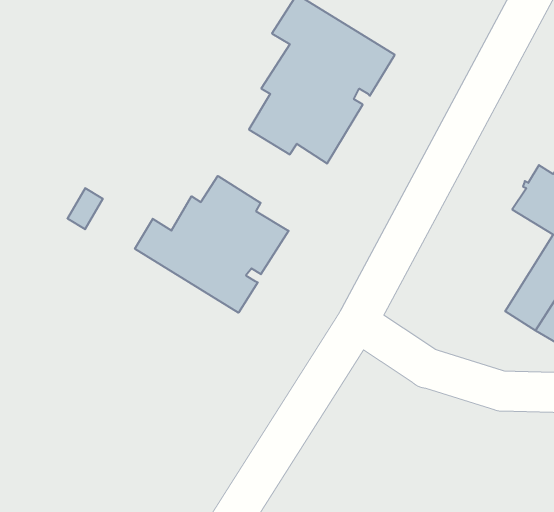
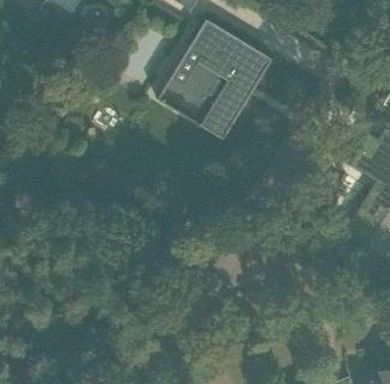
building: [135,176,289,313] -> none

